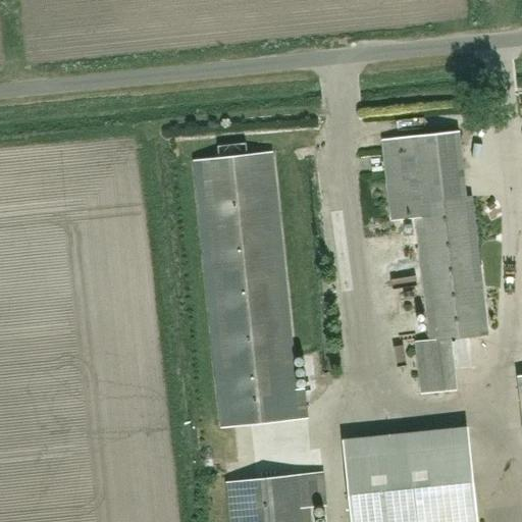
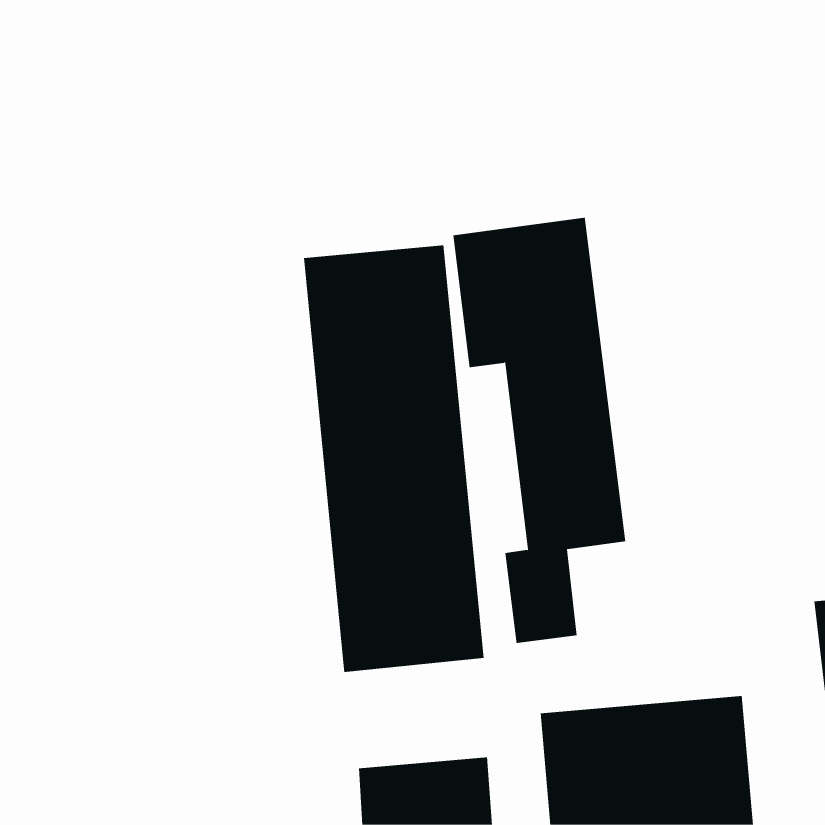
building: [380,129,489,398] -> [453,217,626,644]

